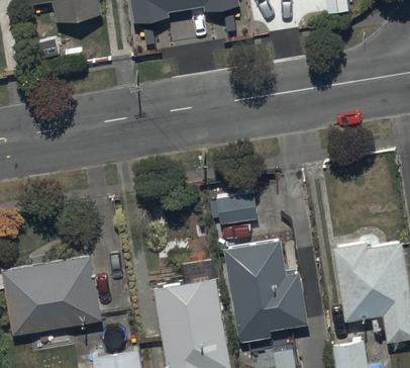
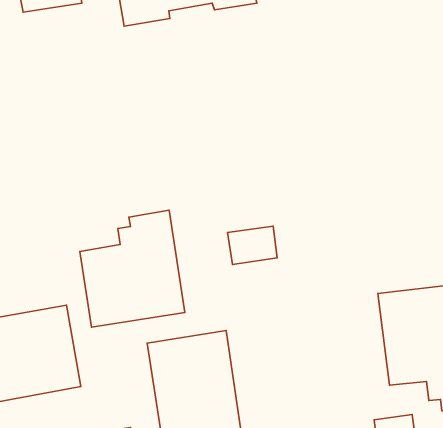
building: none -> [80,210,185,327]
building: [224,237,309,342] -> none

